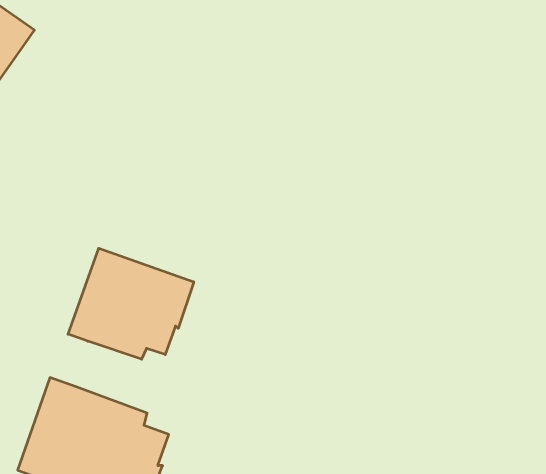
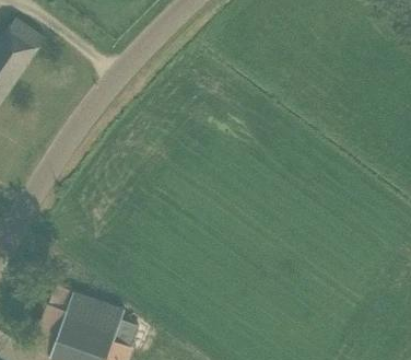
building: [68,248,194,359] -> none

